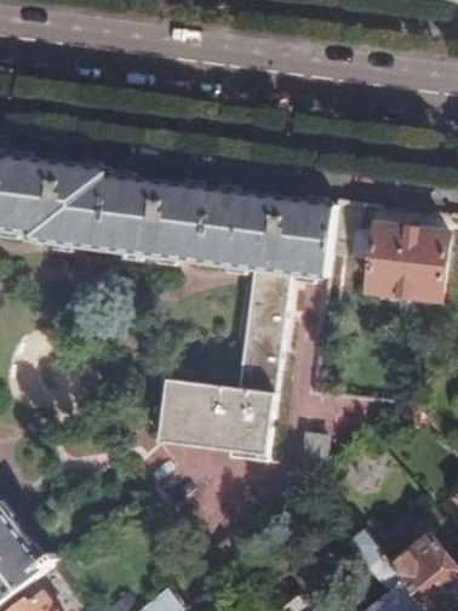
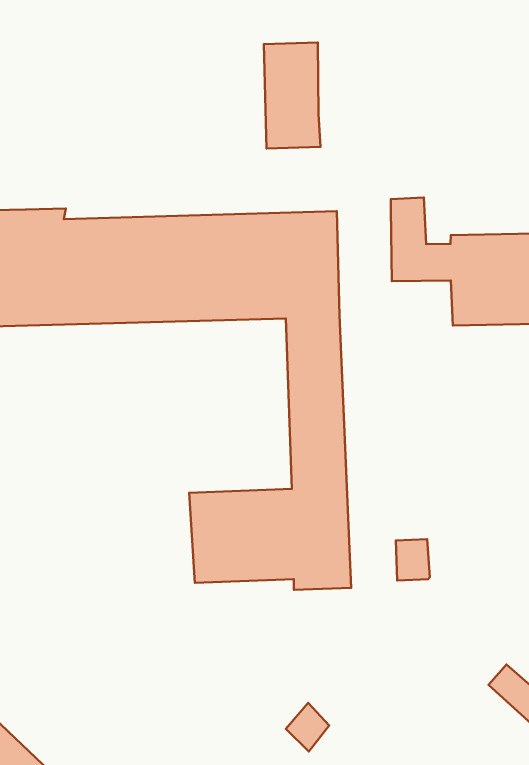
building: [290,199,337,276] -> [264,43,320,148]

